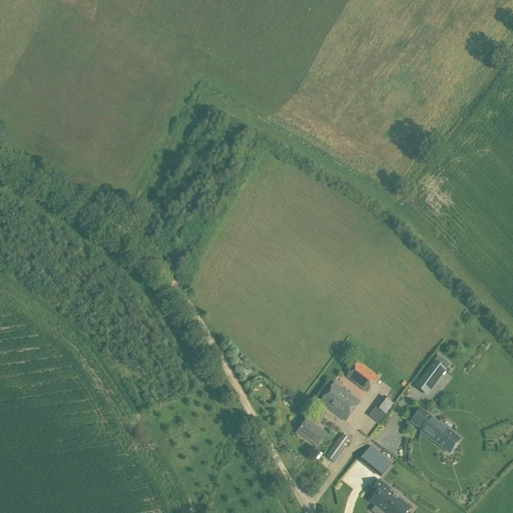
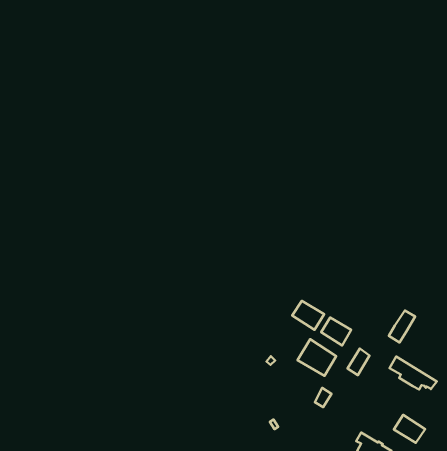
building: none -> [292,301,324,330]
building: [296,418,325,444] -> none
building: [359,445,391,475] -> [394,415,425,443]

